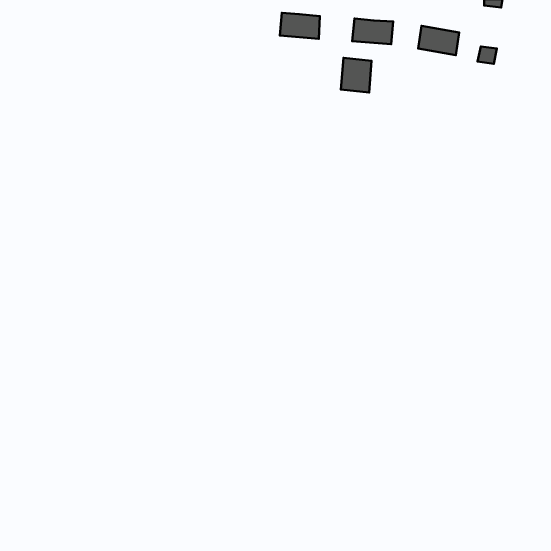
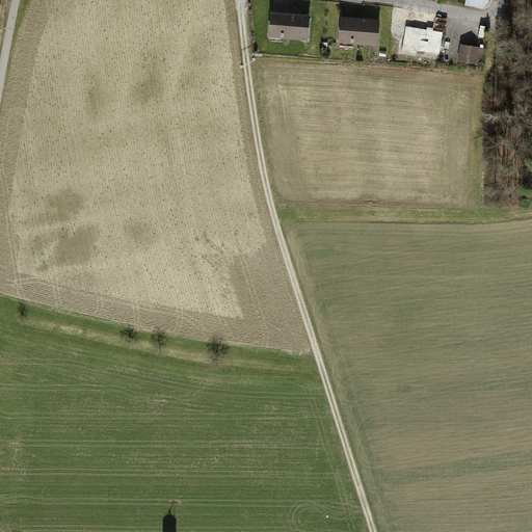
building: [341,58,372,92] -> none

